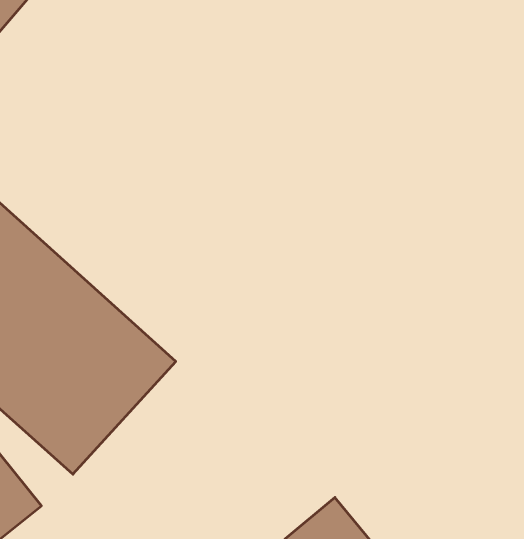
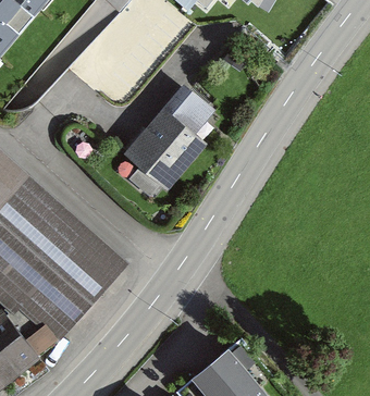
building: none -> [128,88,209,191]

